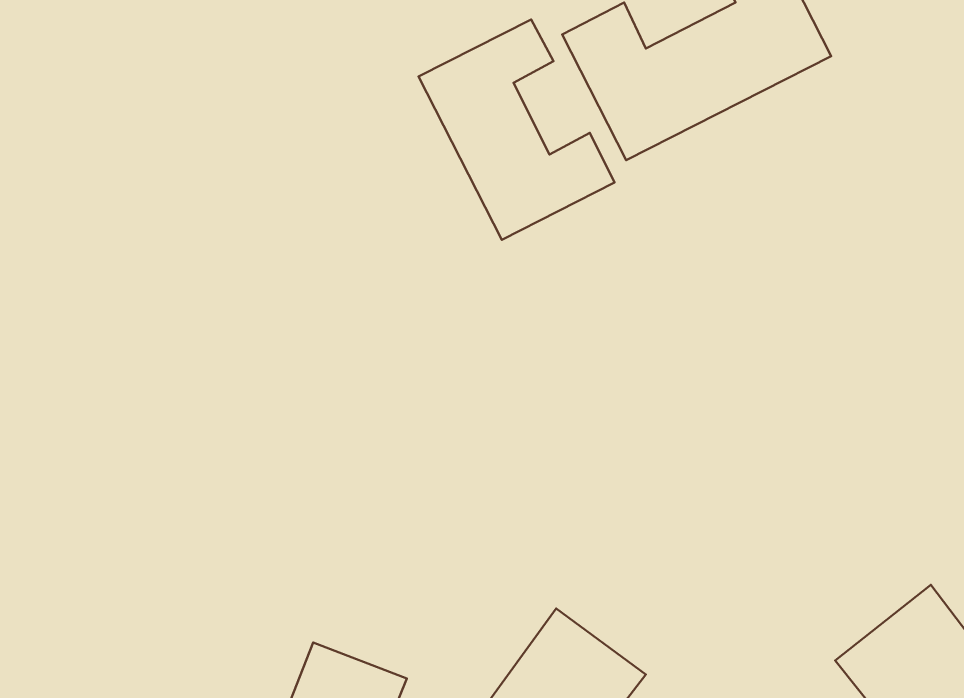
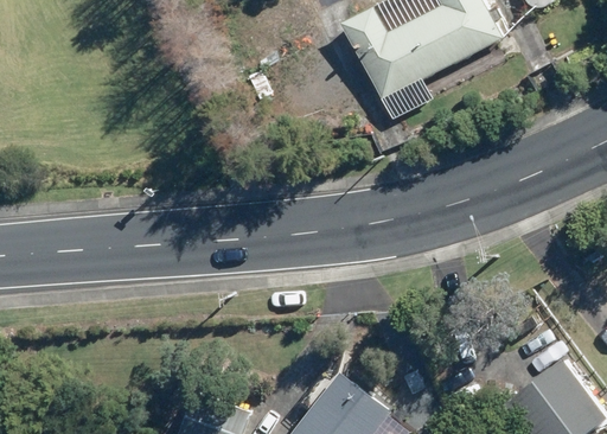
building: [419,19,614,240] -> none

